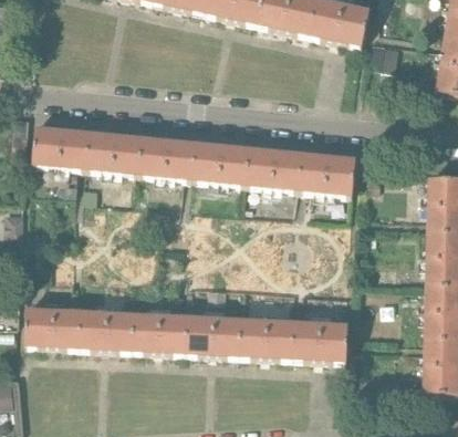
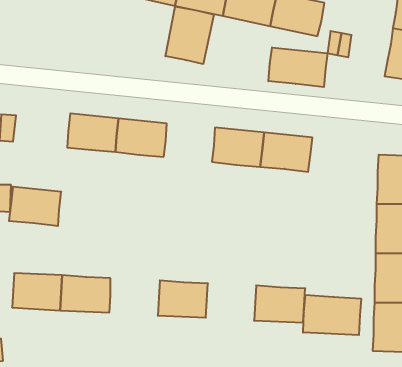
building: none -> [165,6,214,64]
building: none -> [268,47,327,87]
building: [31,126,89,169] -> [9,187,61,226]
building: [191,143,248,185] -> none
building: [132,313,187,354] -> none
building: [238,319,293,360] -> none
building: none -> [303,295,361,335]

